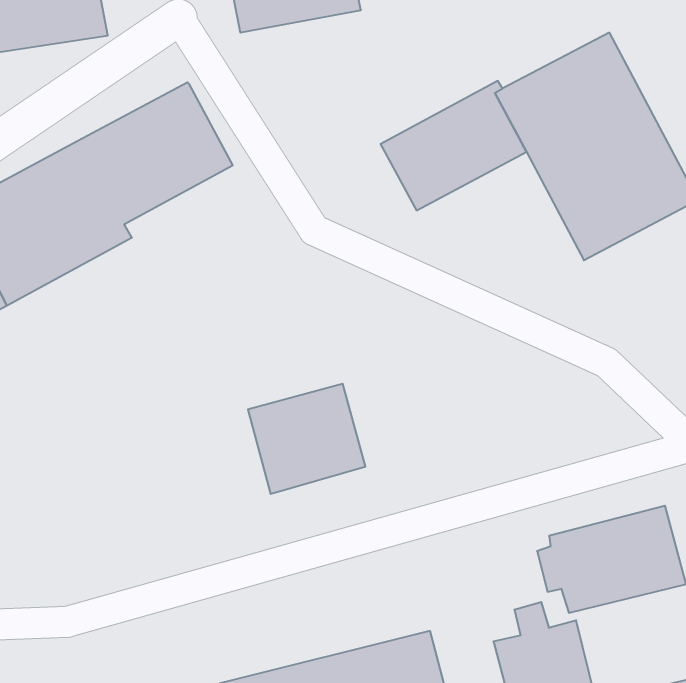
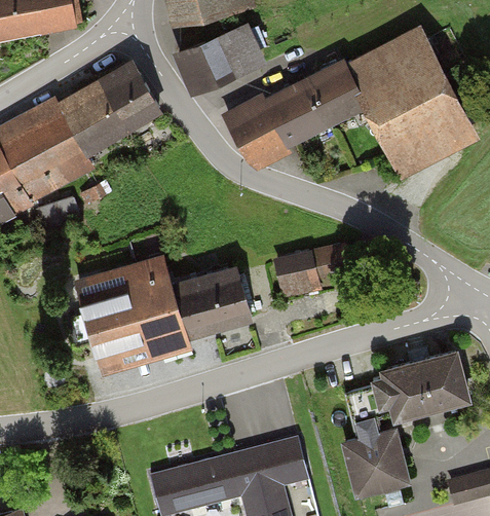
building: none -> [173,27,260,93]
building: none -> [220,96,288,170]
building: none -> [274,249,345,296]
building: none -> [75,257,191,377]

